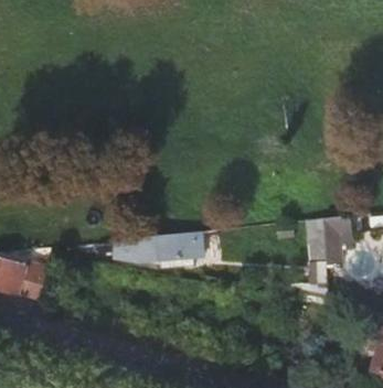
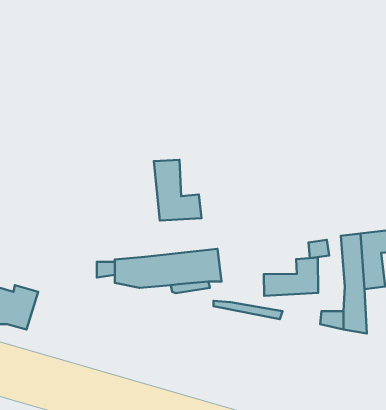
building: none -> [154,160,201,221]
building: none -> [264,258,318,296]

